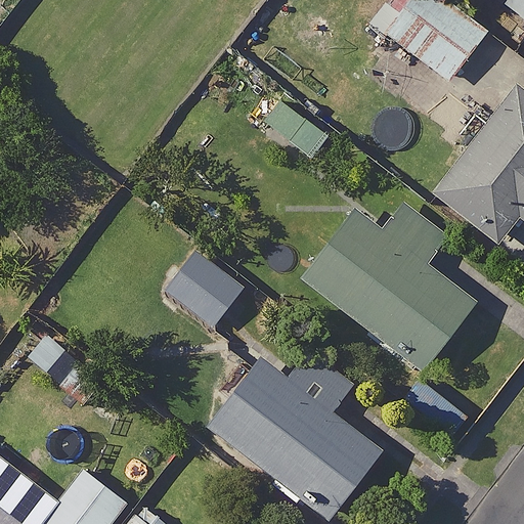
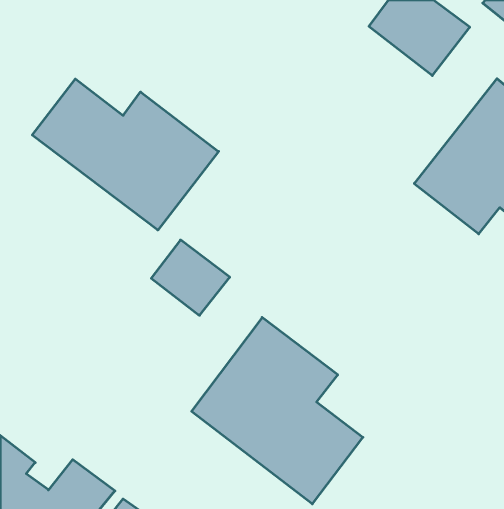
building: none -> [32,79,219,230]
building: [301,212,473,369] -> none

